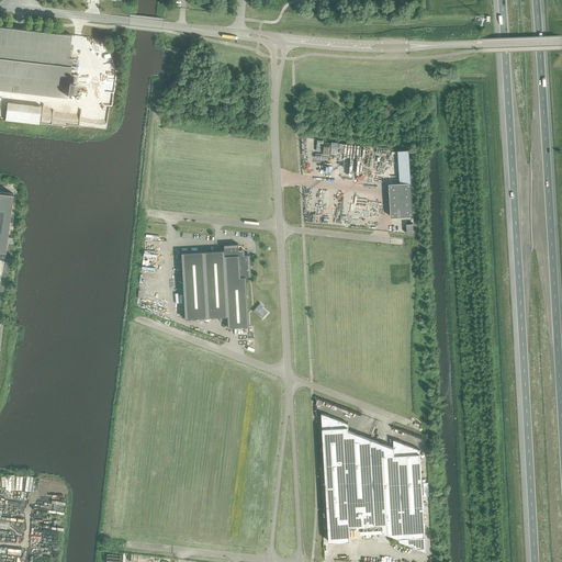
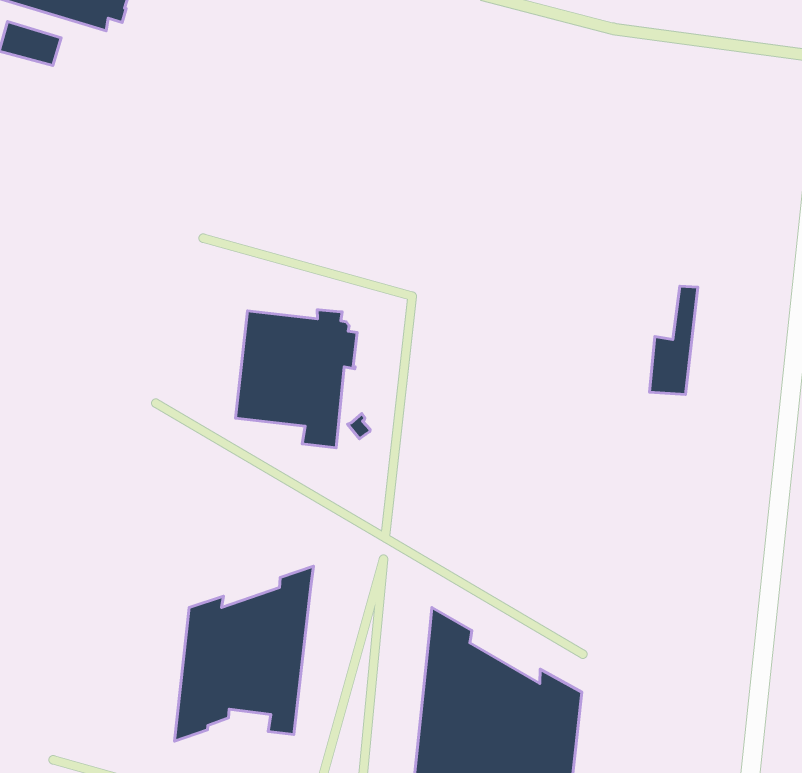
building: [387,150,412,218] -> [649,286,698,395]
building: none -> [174,566,313,741]

